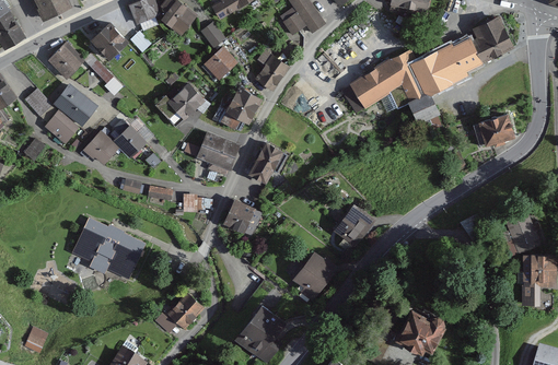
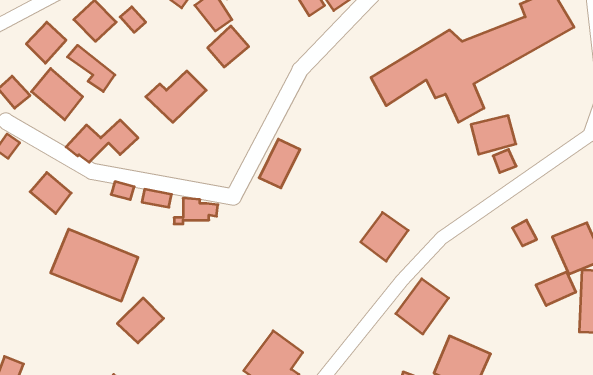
building: [254,52,286,91] -> none
building: [220,89,260,133] -> none
building: [44,110,79,145] -> [30,172,71,214]
building: [475,114,513,146] -> [471,116,516,154]
building: [195,131,239,169] -> none
building: [222,199,254,234] -> none
building: [291,251,336,298] -> [396,279,449,334]
building: none -> [536,272,576,306]
building: [165,292,205,330] -> [117,298,164,343]

